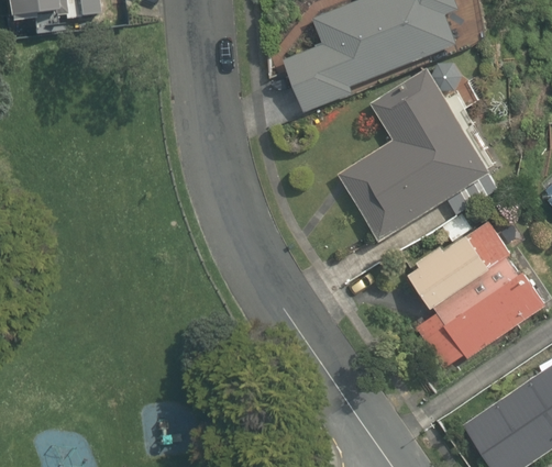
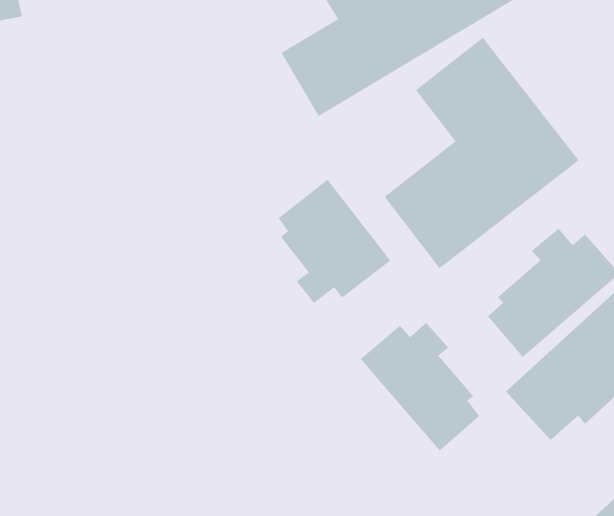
building: none -> [278,179,391,304]
building: none -> [360,322,480,451]

